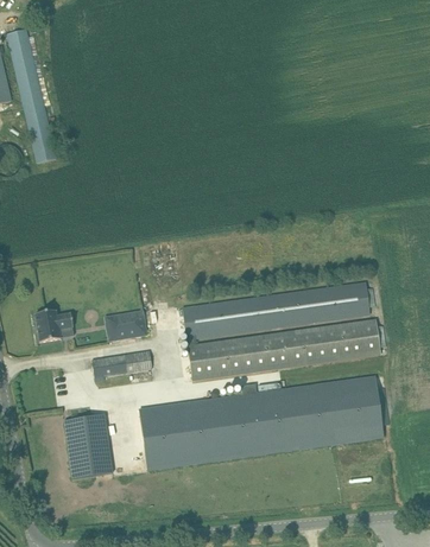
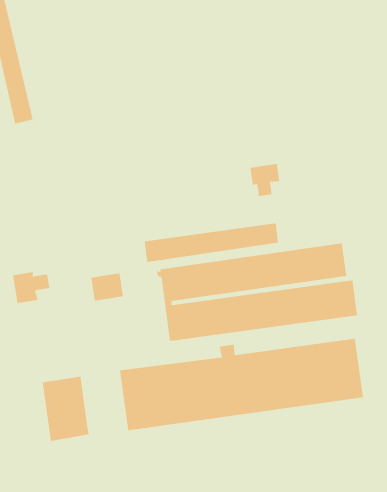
building: none -> [250,163,280,197]
building: none -> [144,222,278,263]
building: [91,351,151,377] -> none

